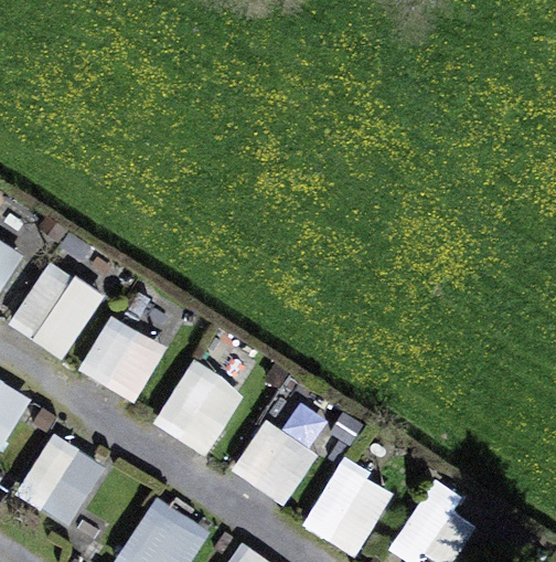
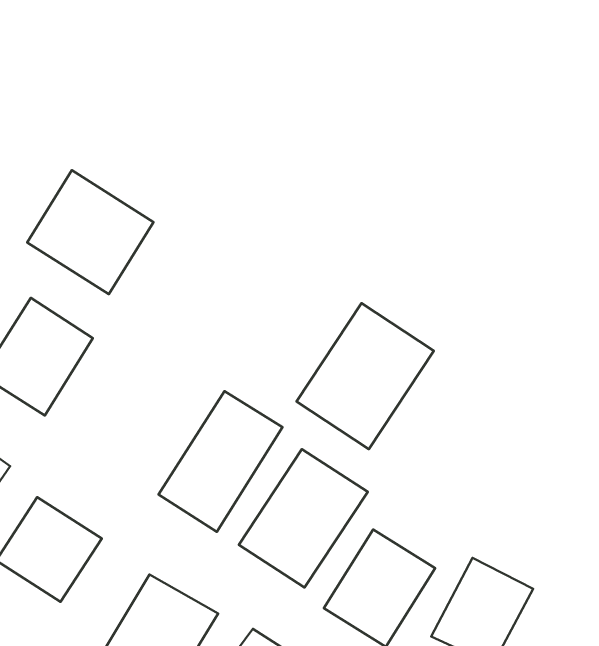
building: none -> [27,170,154,294]
building: none -> [296,303,434,449]
building: [76,314,167,404] -> none

